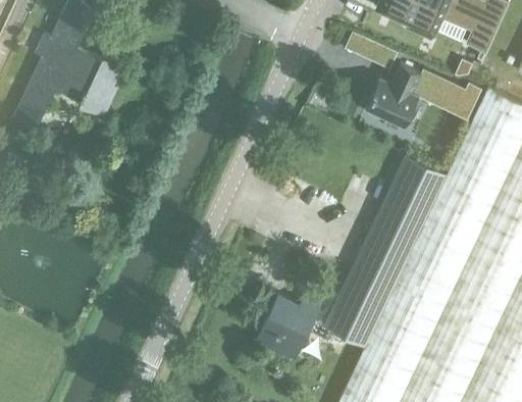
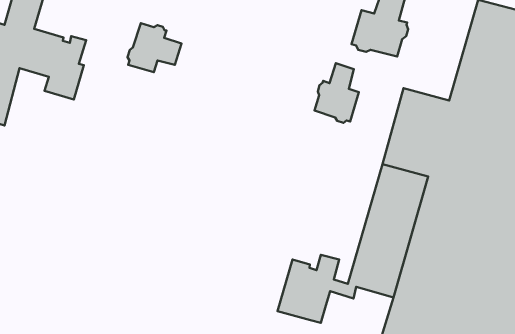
building: none -> [128,23,181,72]
building: none -> [314,63,359,123]

